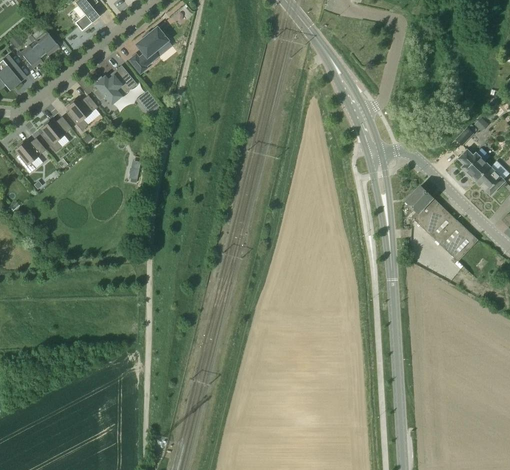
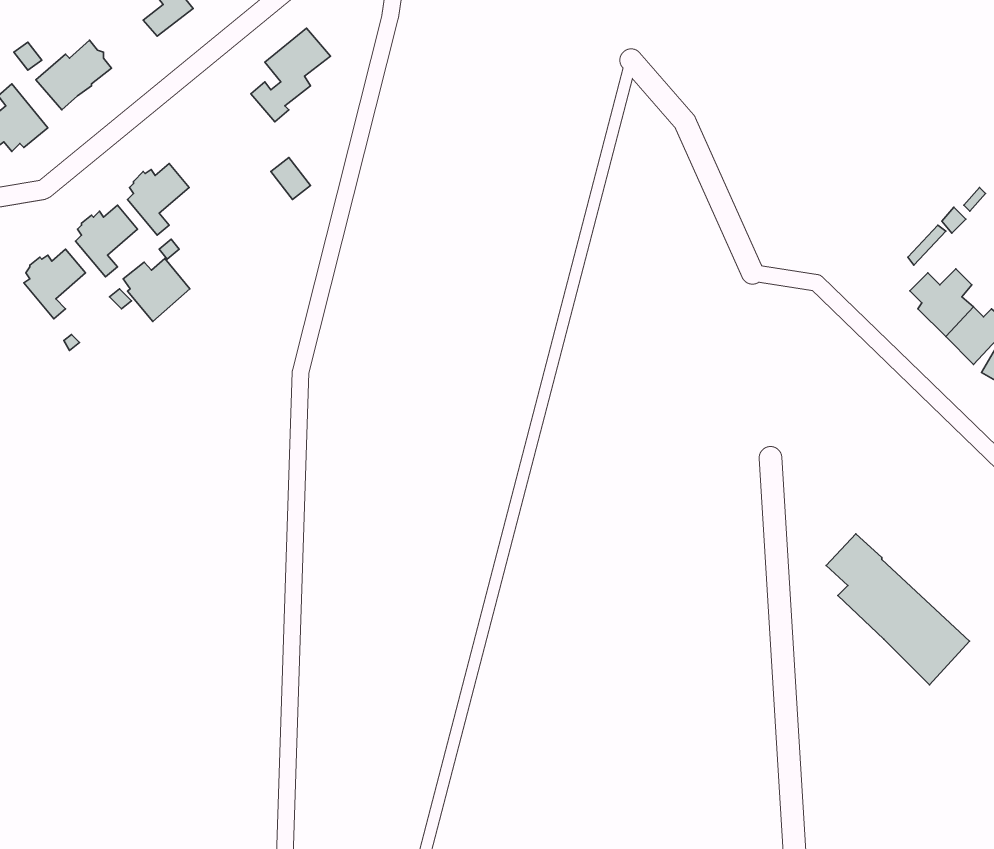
building: [94,73,135,102] -> none
building: none -> [123,259,190,322]
building: [406,186,478,262] -> [826,534,969,685]

